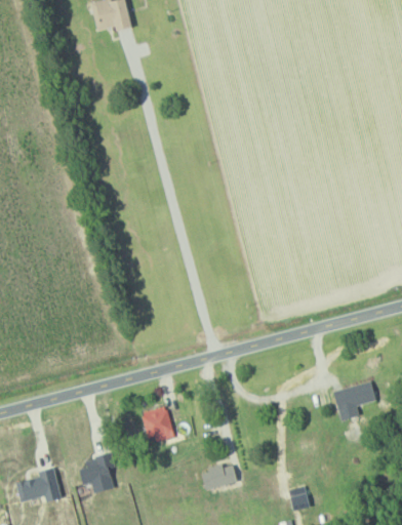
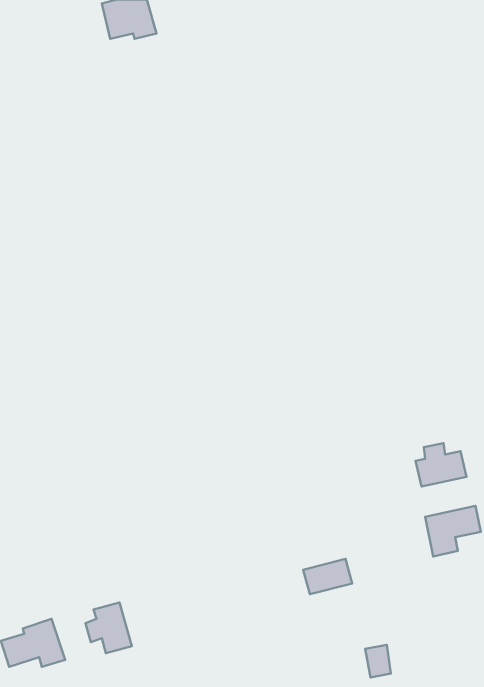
building: none -> [415,443,467,487]
building: [140,405,175,442] -> none
building: [201,462,238,489] -> [303,559,352,594]

